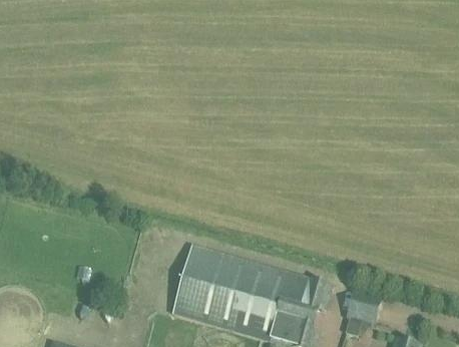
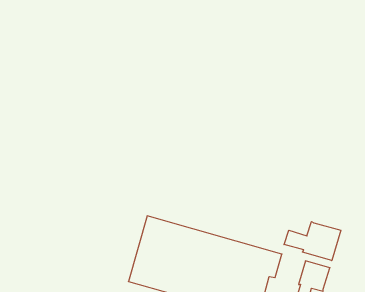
building: none -> [284,222,341,261]

